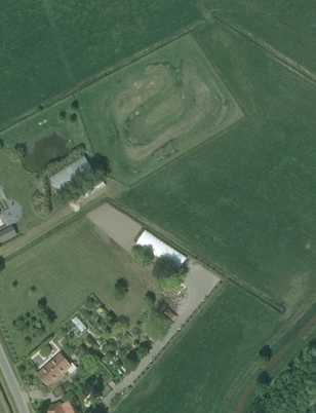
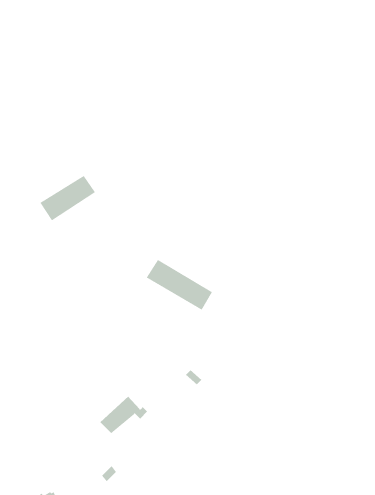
building: [38,354,76,384] -> [99,396,148,434]

